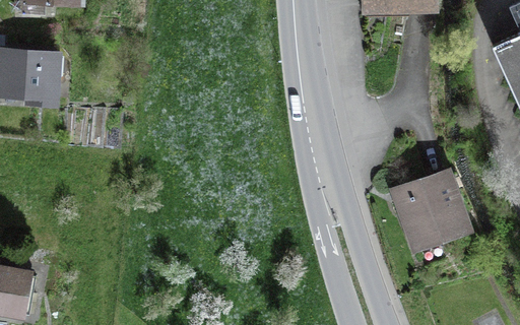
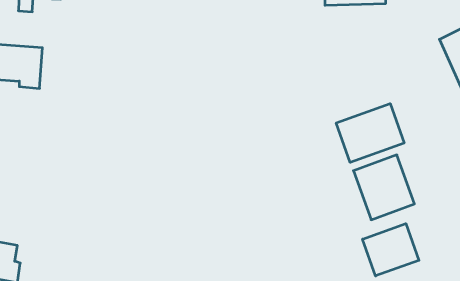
building: none -> [336,104,404,162]
building: none -> [363,224,419,276]

